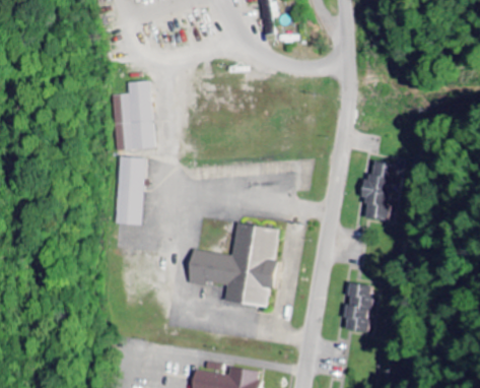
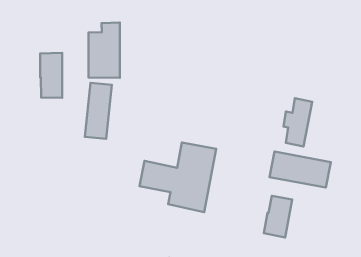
building: none -> [40,53,62,98]
building: none -> [269,152,331,188]

